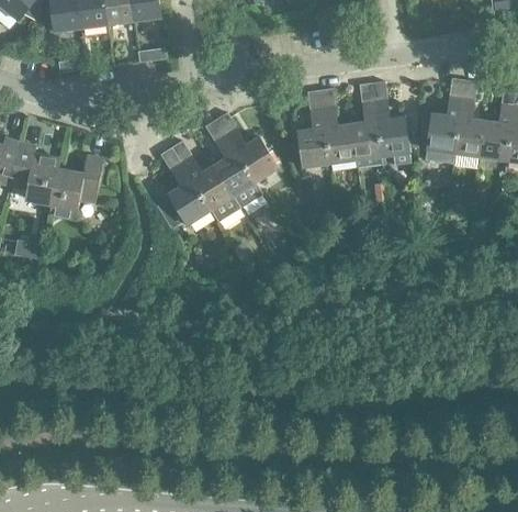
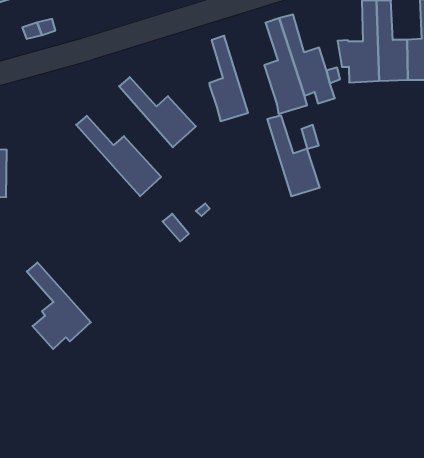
building: [319,88,357,163] -> [267,116,320,196]
building: [204,119,263,208] -> none
building: [157,147,211,229] -> [27,262,91,349]

